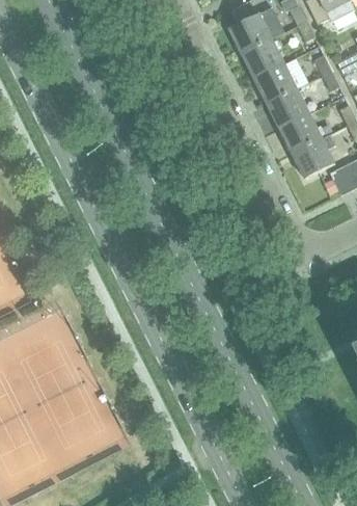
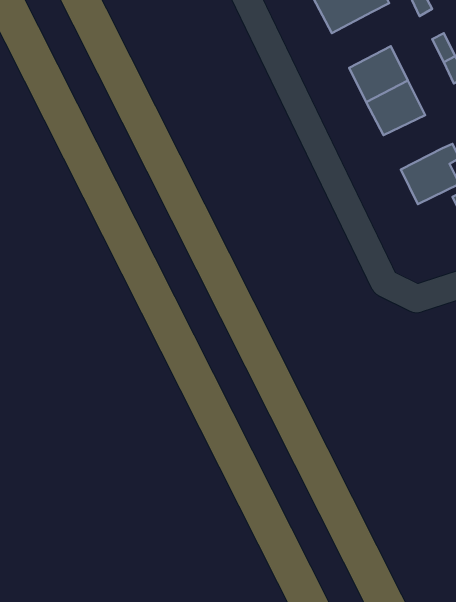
building: [242,37,284,78] -> none
building: [279,112,322,152] -> none

